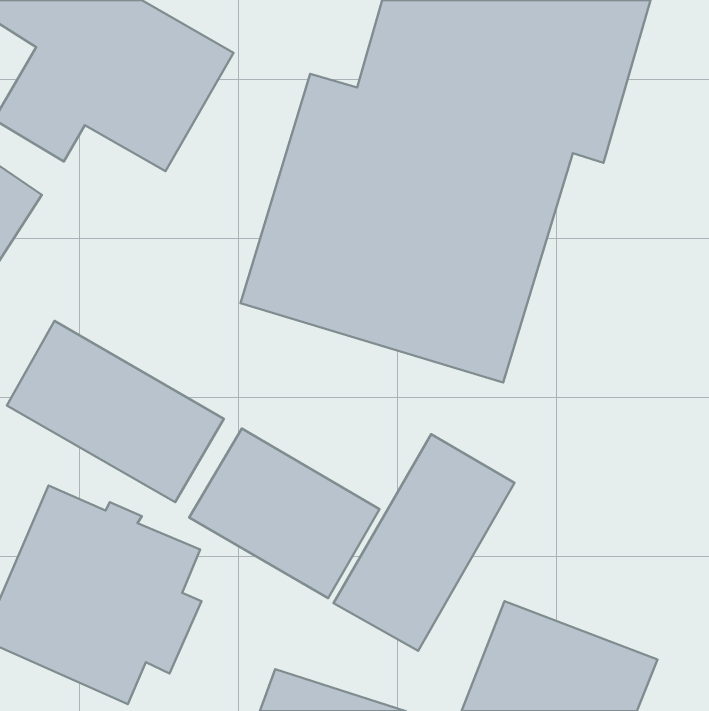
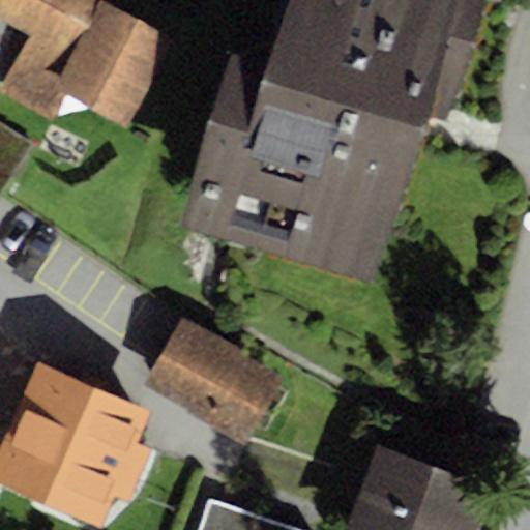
building: [7,321,224,502] -> none
building: [333,434,515,651] -> none

